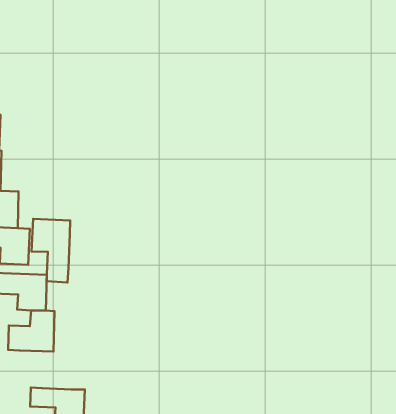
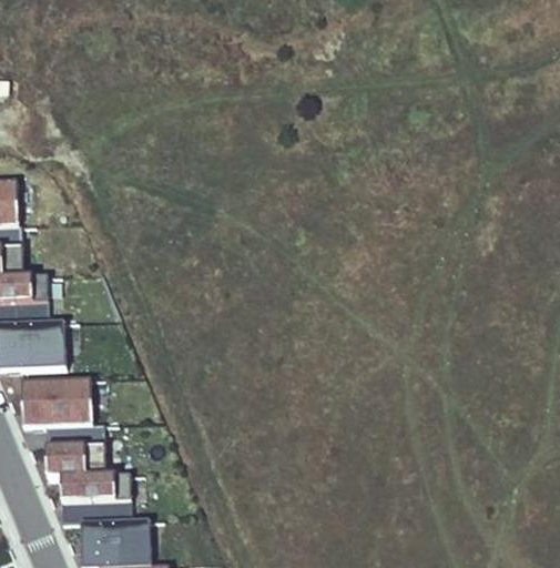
building: [32,219,70,282] -> none
building: none -> [61,477,131,525]

